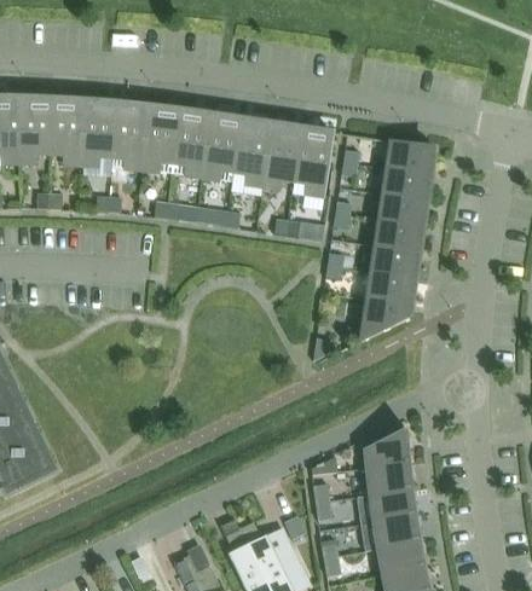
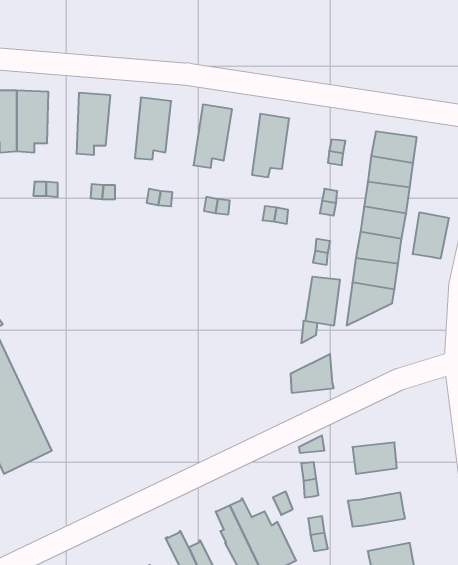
building: [51,100,83,164] -> none
building: [111,104,148,169] -> none
building: [173,110,212,176] -> none
building: [233,118,271,186] -> none
building: [294,128,332,195] -> none
building: none -> [413,212,449,259]
building: none -> [305,277,340,326]
building: [365,428,410,468] -> [290,354,334,393]
building: [370,489,416,522] -> none
building: [377,541,426,575] -> none

